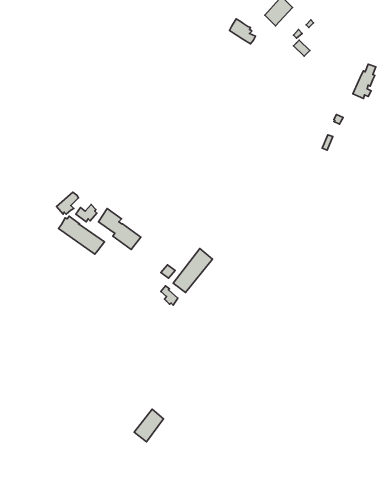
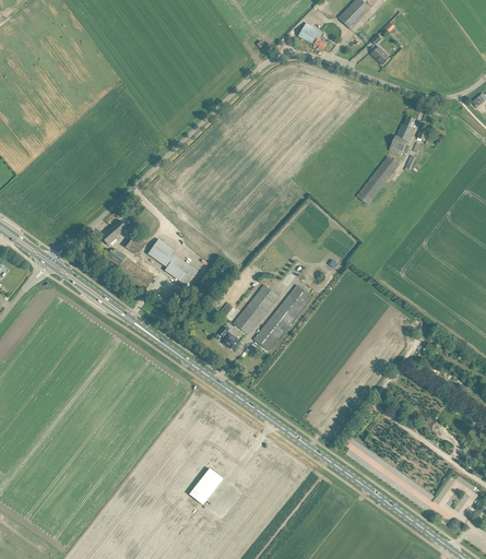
building: [353,64,376,98] -> [390,116,416,155]
building: none -> [356,155,400,204]
building: none -> [253,284,311,350]

